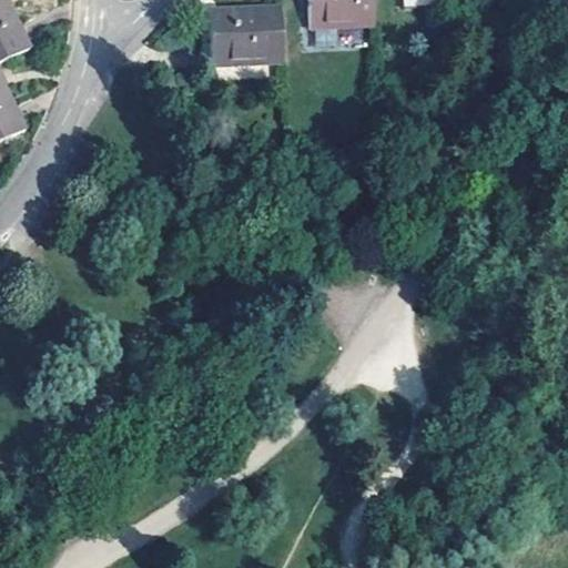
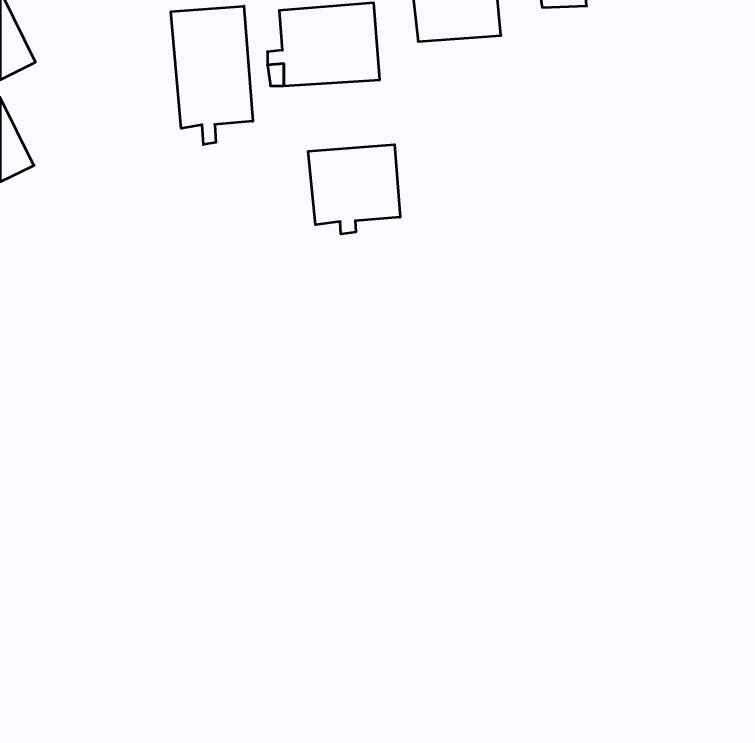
building: none -> [171,6,253,145]
building: none -> [308,145,400,234]

